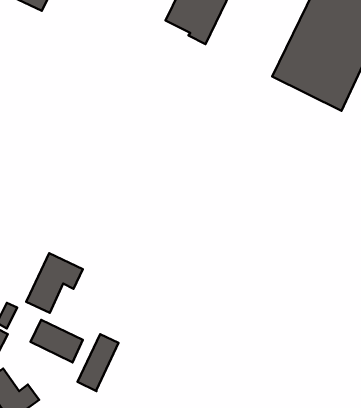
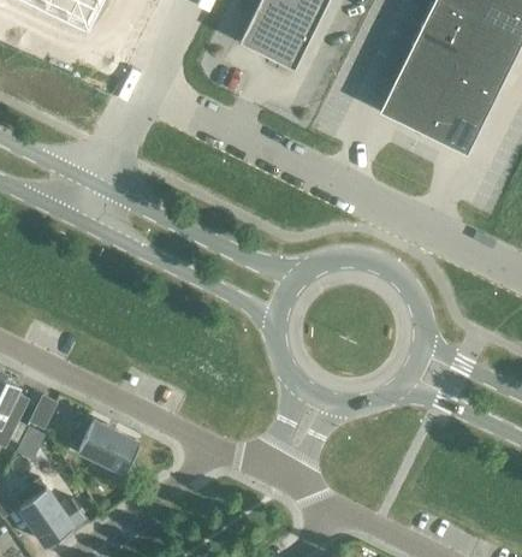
building: [26,253,83,313] -> none
building: [77,334,119,391] -> none

